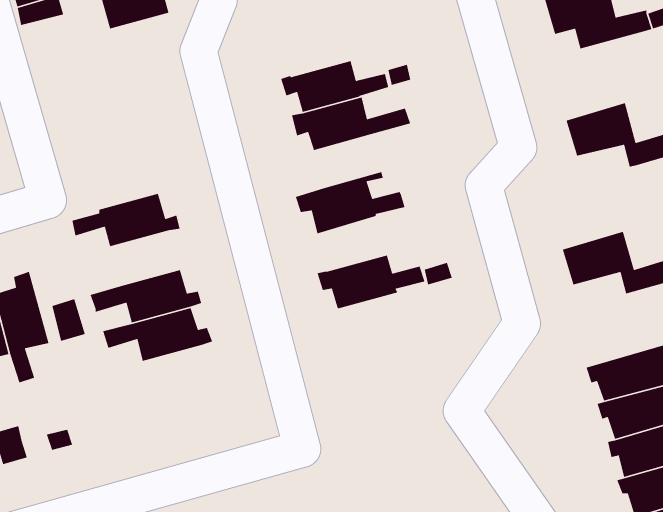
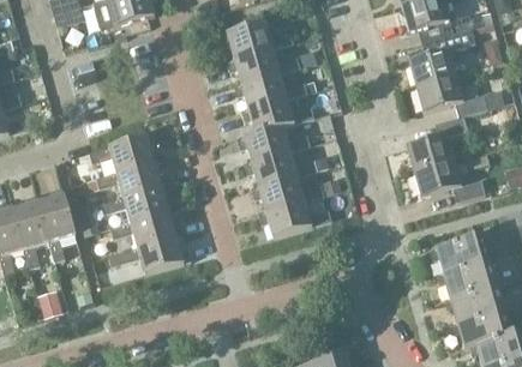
building: none -> [222,22,293,59]
building: none -> [408,29,475,88]
building: none -> [242,97,330,132]
building: none -> [408,118,468,173]
building: none -> [245,151,328,187]
building: none -> [96,161,169,197]
building: none -> [259,201,331,236]
building: none -> [118,236,191,273]

